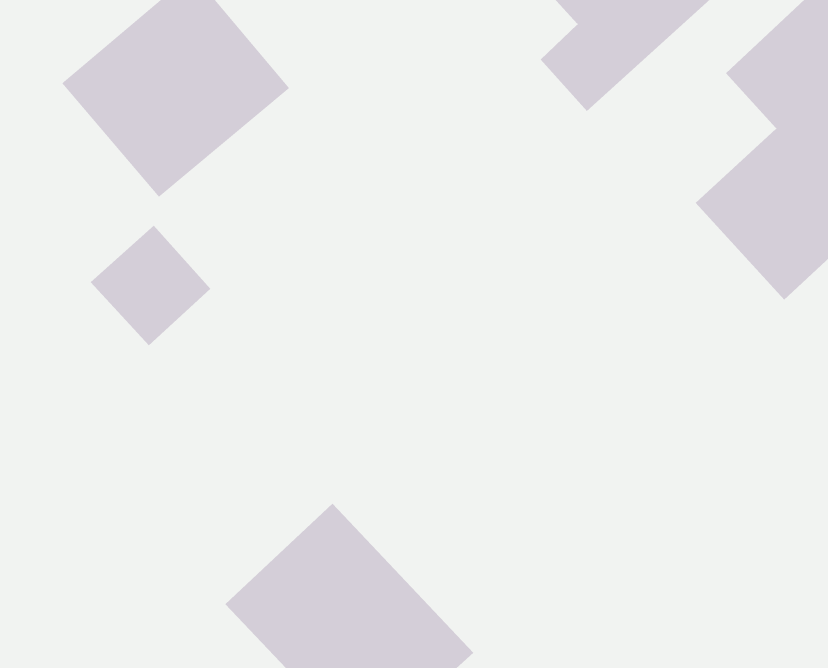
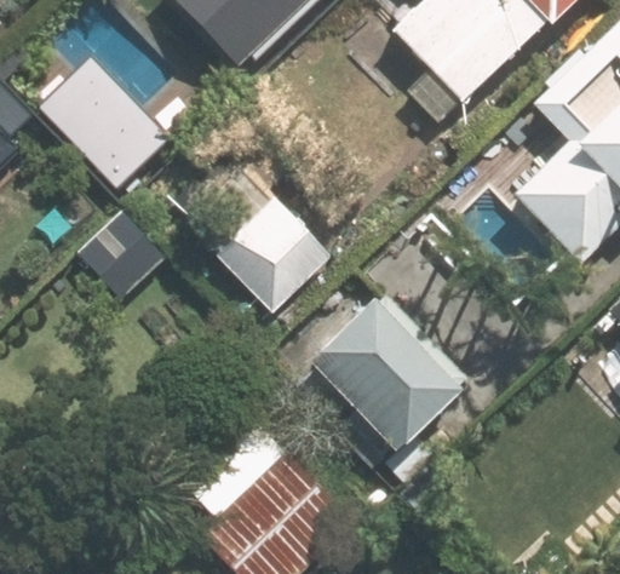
building: none -> [207,186,339,316]
building: none -> [316,286,472,444]

